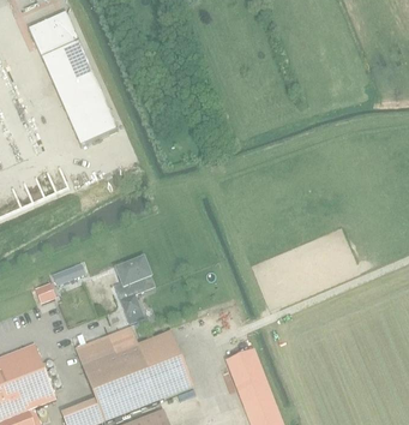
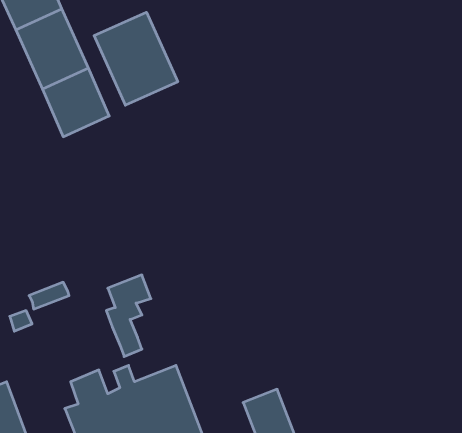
building: none -> [94,12,178,105]

